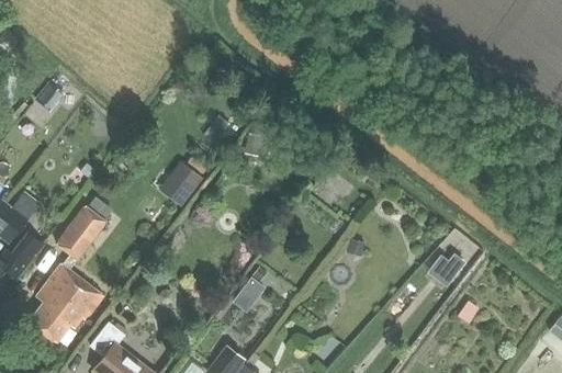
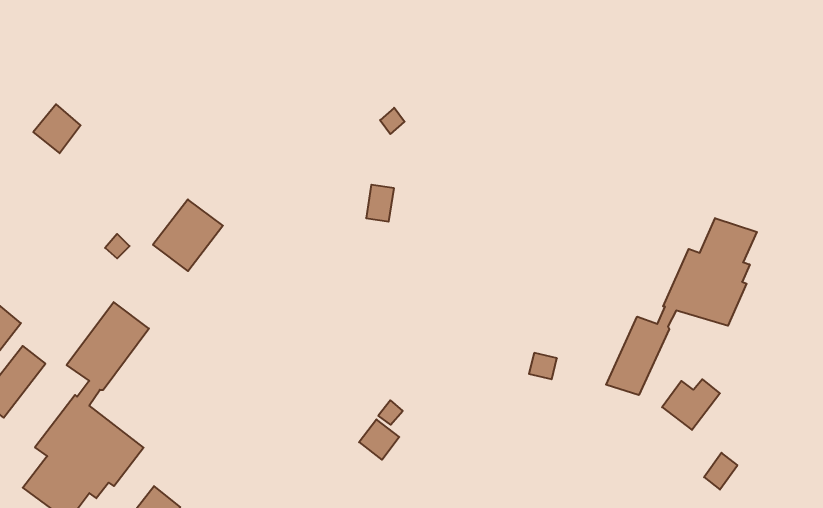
building: none -> [606,218,757,395]
building: [159,161,203,206] -> [153,199,223,271]

